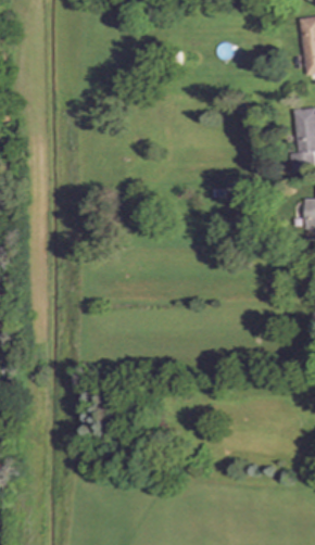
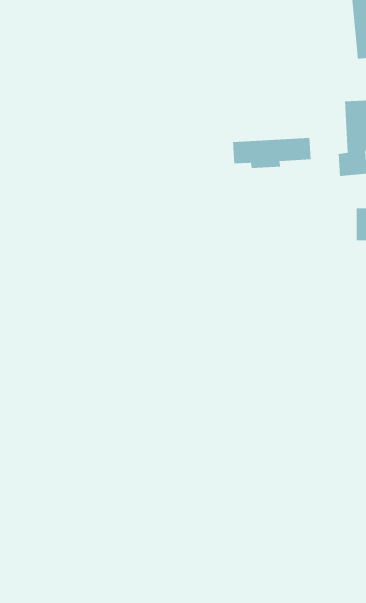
building: none -> [232,137,312,169]

